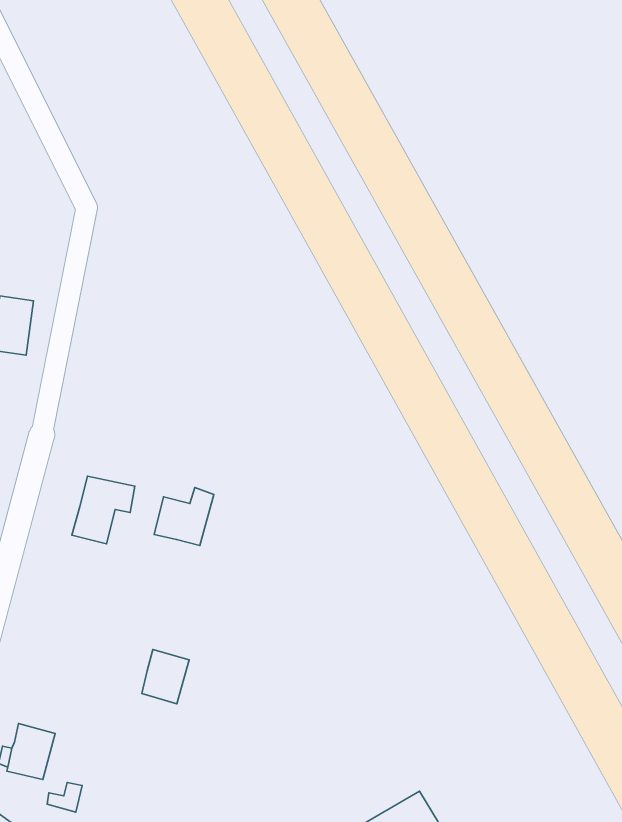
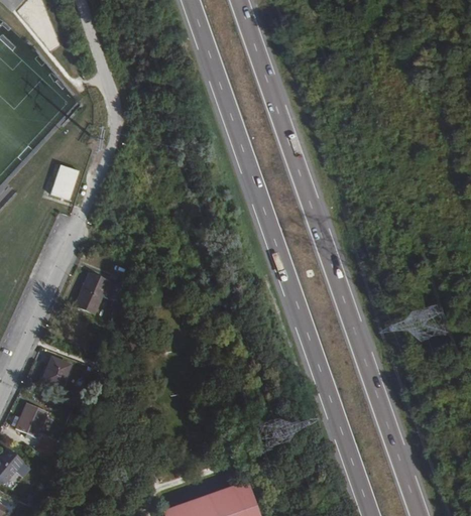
building: [154,487,214,545] -> none
building: [142,650,189,704] -> [43,358,73,390]

